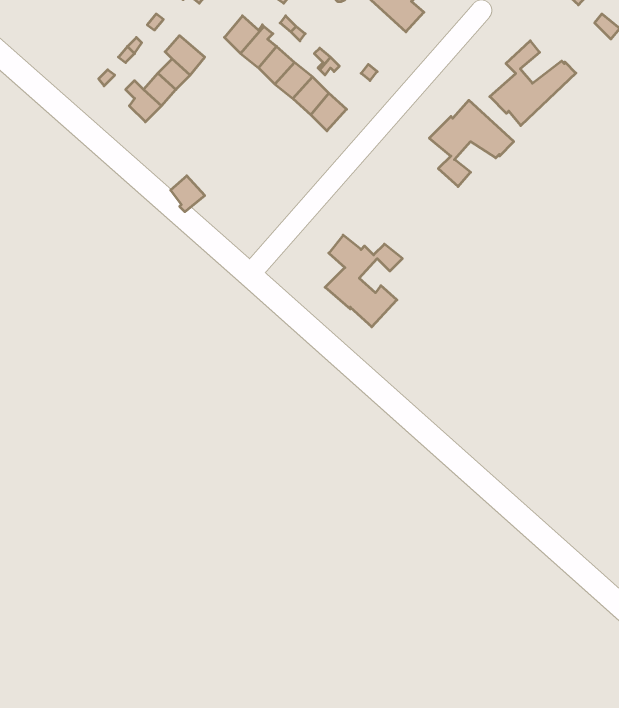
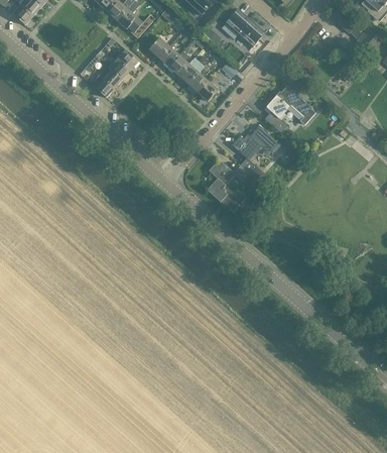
building: [490,41,576,126] -> none
building: none -> [231,125,275,174]

